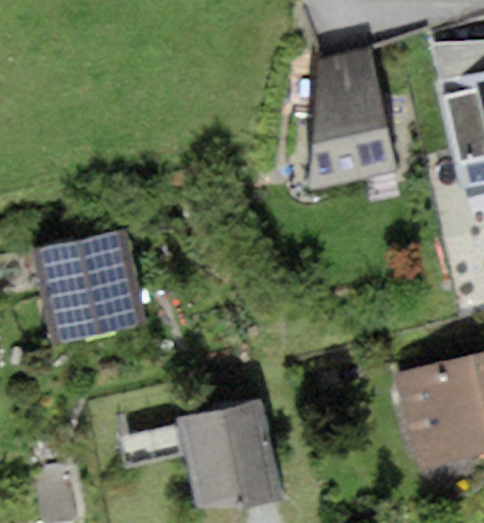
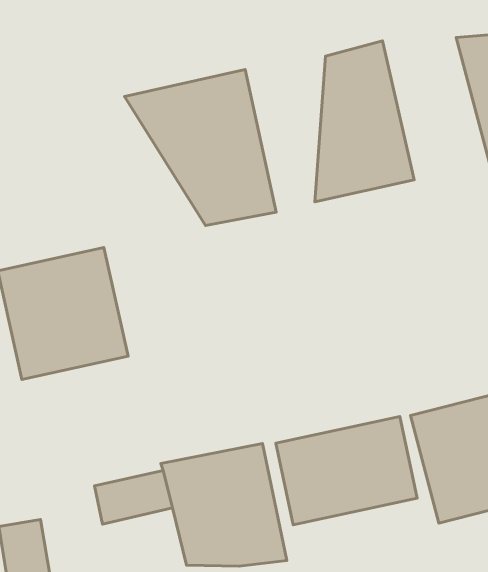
building: none -> [124,70,276,225]
building: none -> [276,417,417,525]

